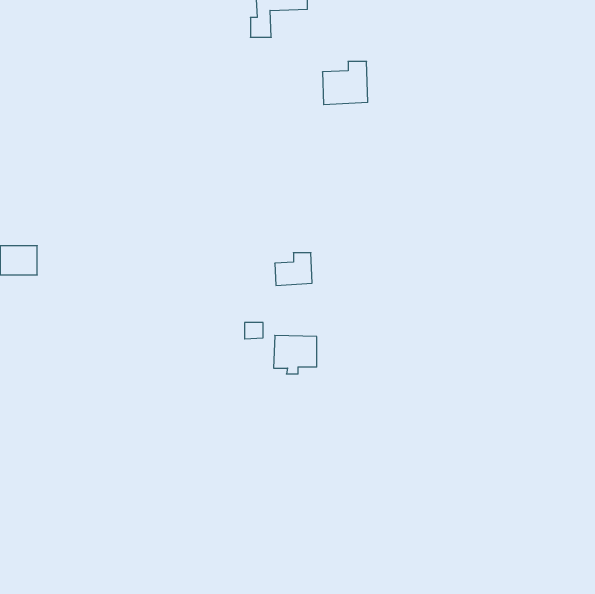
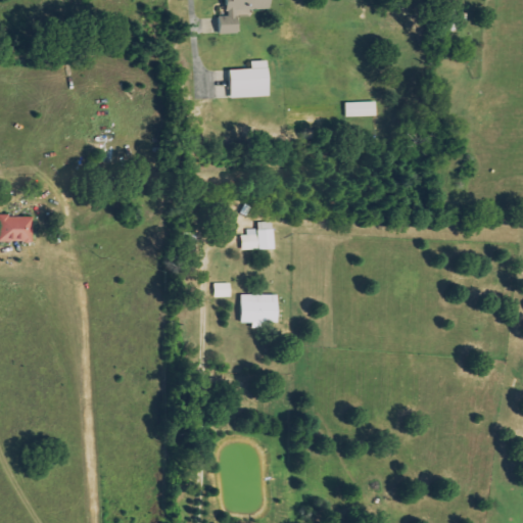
building: [322,61,368,105] -> [229,60,269,98]
building: none -> [344,101,376,116]

